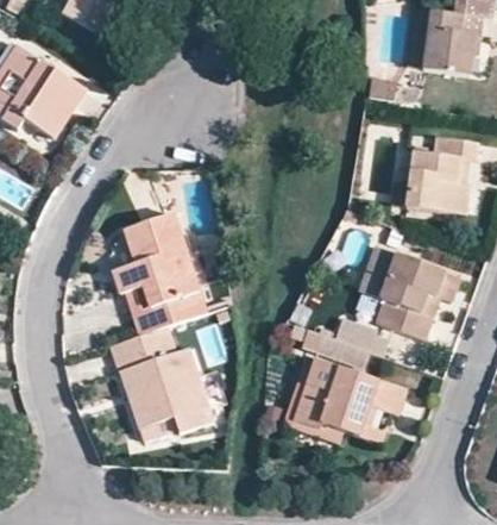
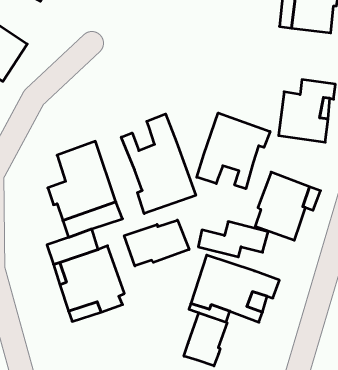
building: none -> [197,113,270,189]
building: none -> [121,114,196,214]
building: none -> [124,220,189,266]
building: none -> [184,313,227,366]

